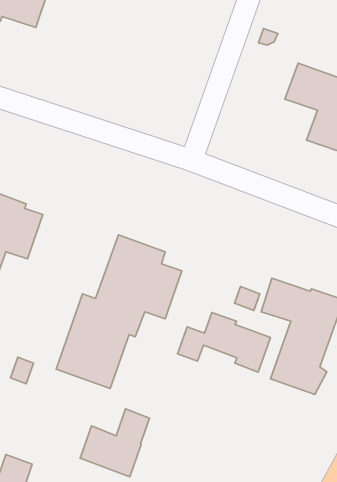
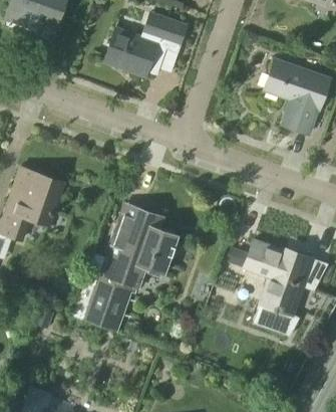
building: none -> [106,12,188,77]
building: [178,313,270,372] -> none
building: [80,409,150,477] -> none

